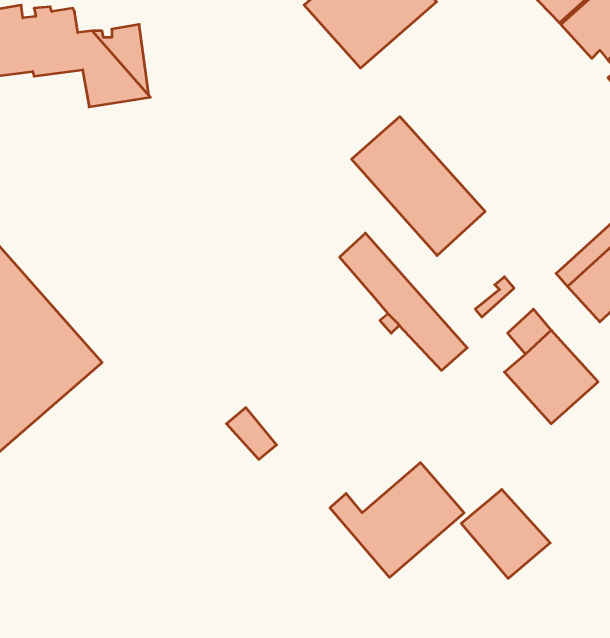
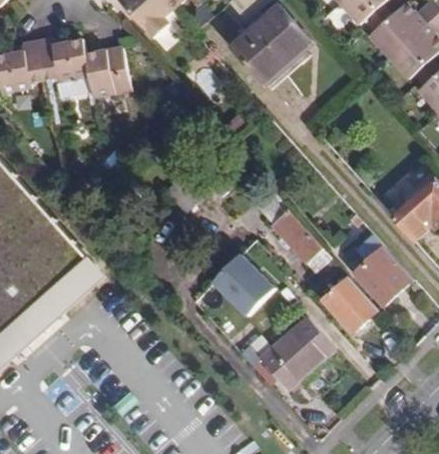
building: [352,117,485,256] -> none
building: none -> [206,249,273,315]
building: [461,489,550,578] -> [321,275,376,330]

